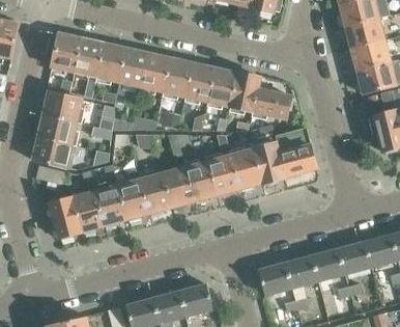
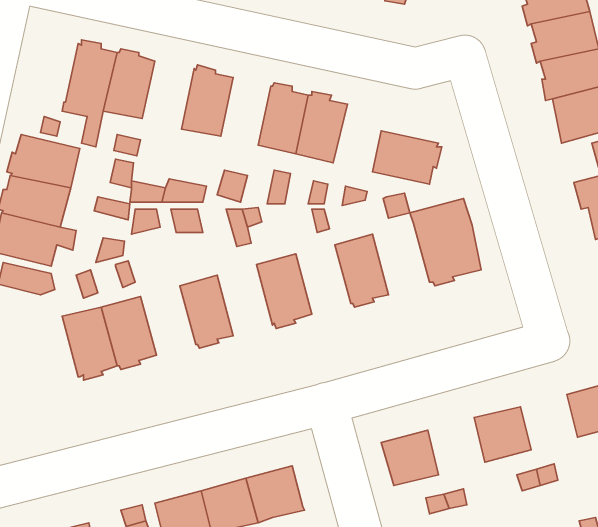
building: [52,30,82,72] -> none
building: [119,45,149,87] -> none
building: [165,55,194,97] -> none
building: [230,71,260,112] -> none
building: [253,142,286,186] -> none
building: [208,155,240,197] -> none
building: [163,166,195,210] -> none
building: [118,179,150,221] -> none
building: [49,196,82,240] -> none
building: [339,242,372,274] -> none
building: [285,255,318,289] -> none

